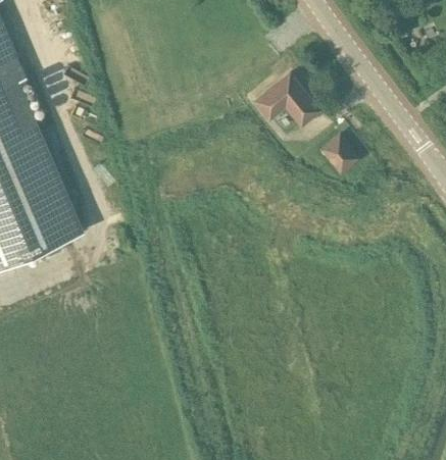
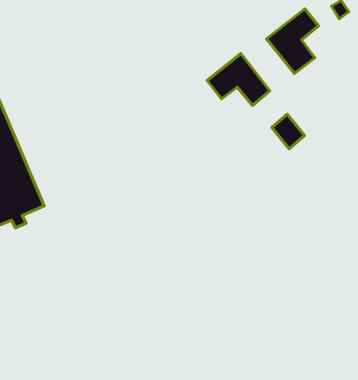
building: none -> [266,9,318,73]

